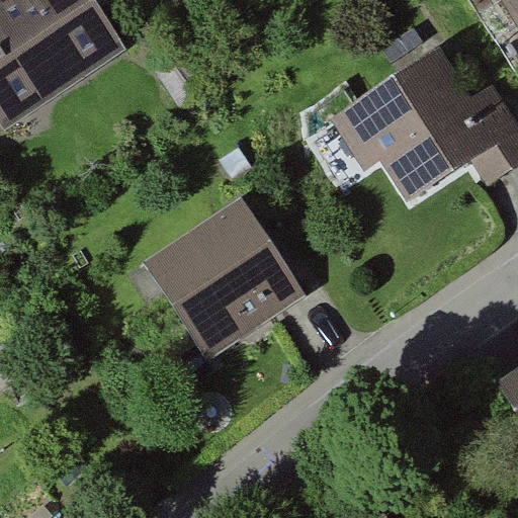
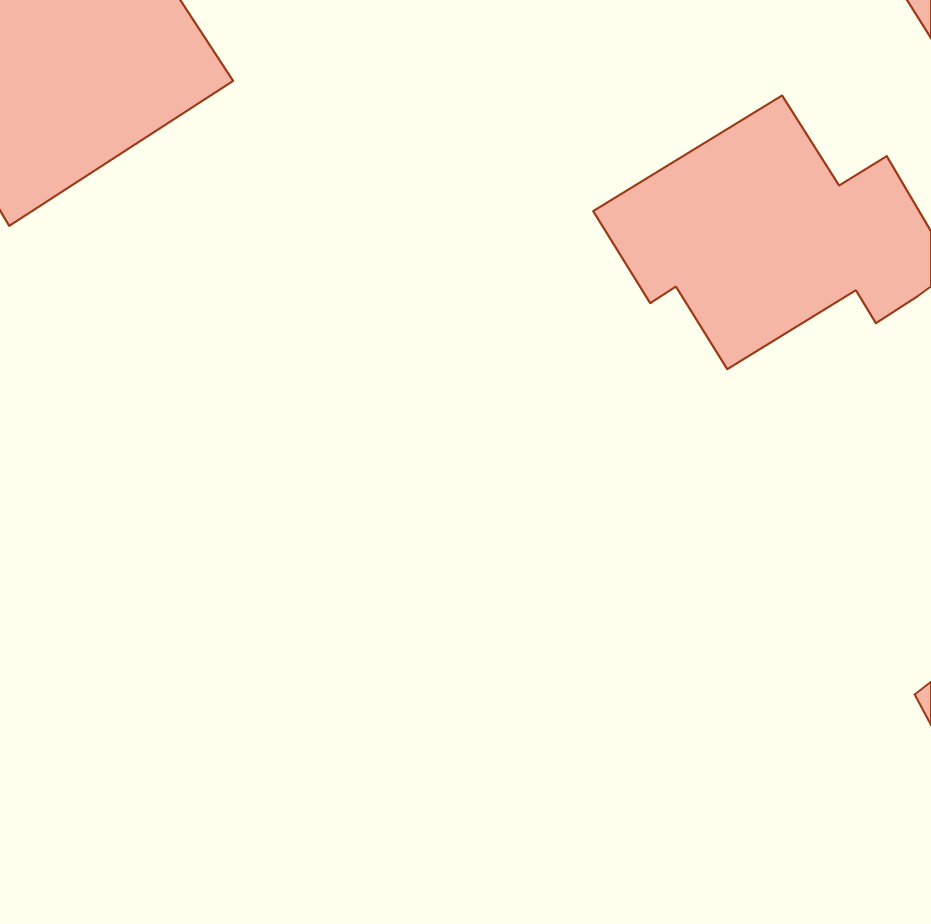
building: [148,196,309,355] -> none

